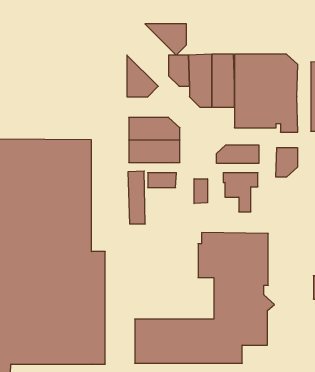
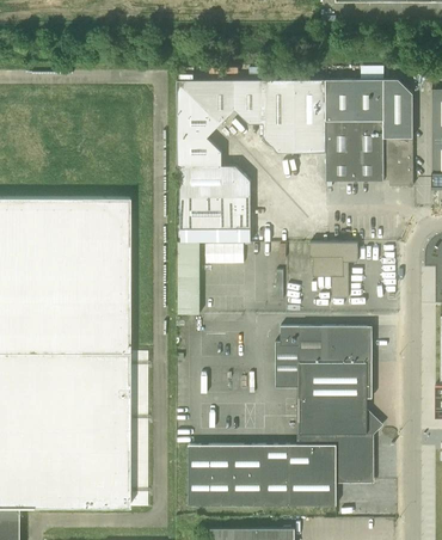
building: [145,24,186,55] -> [178,80,235,123]
building: none -> [178,137,221,166]
building: [217,145,259,163] -> none
building: [276,148,297,177] -> none
building: [194,179,207,204] -> none

